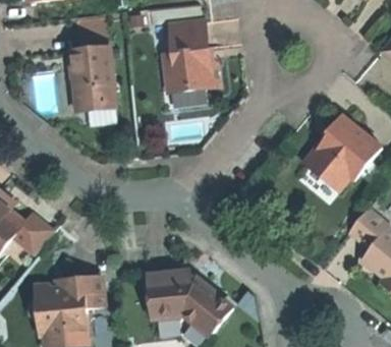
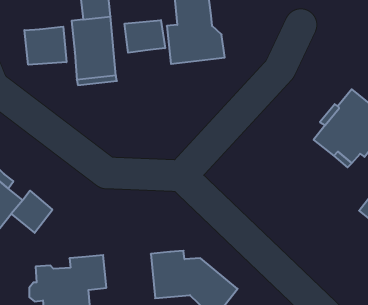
building: none -> [125,20,165,53]
building: none -> [24,27,66,65]

